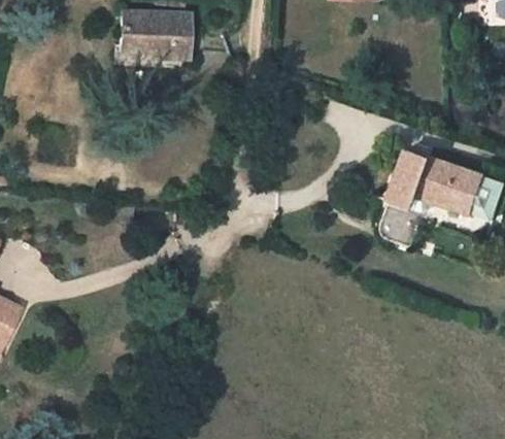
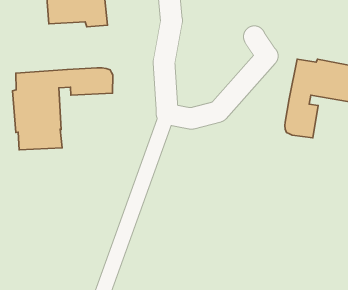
building: none -> [12,68,113,150]

